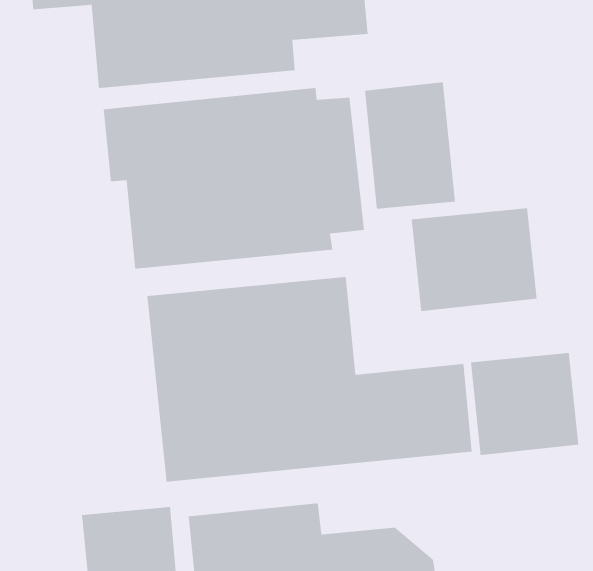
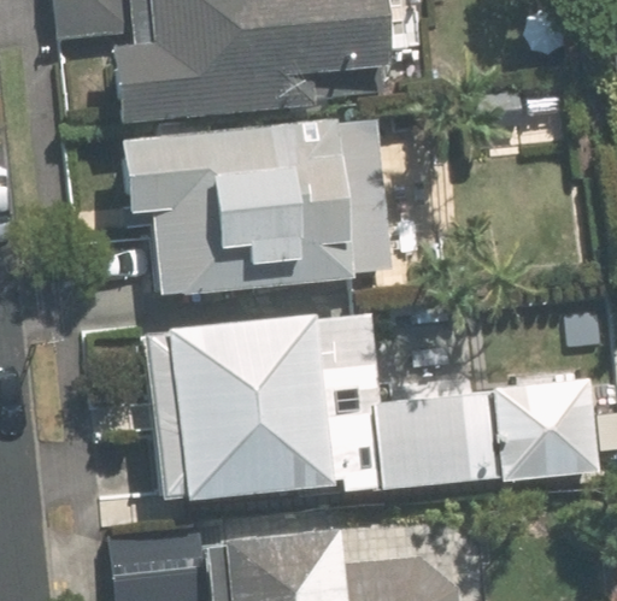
building: [365,81,456,209] -> none
building: [411,207,537,312] -> none

